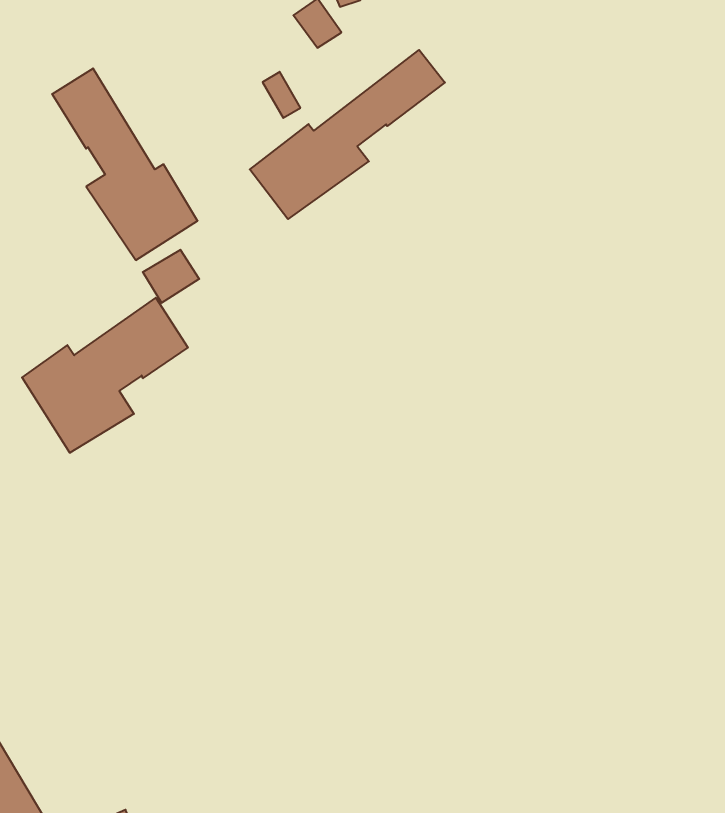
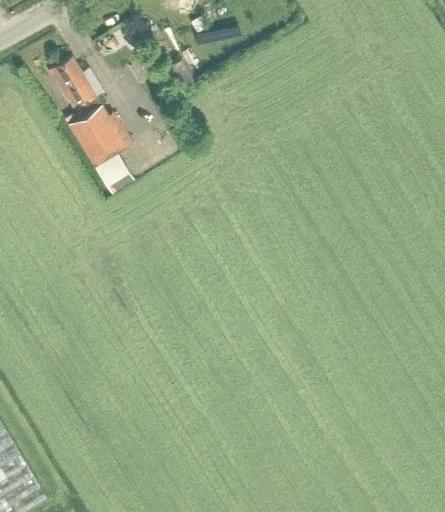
building: [250,50,445,219] -> none
building: [22,298,188,453] -> none

